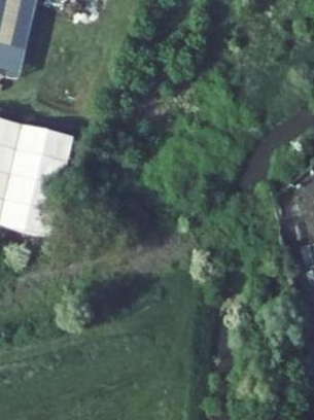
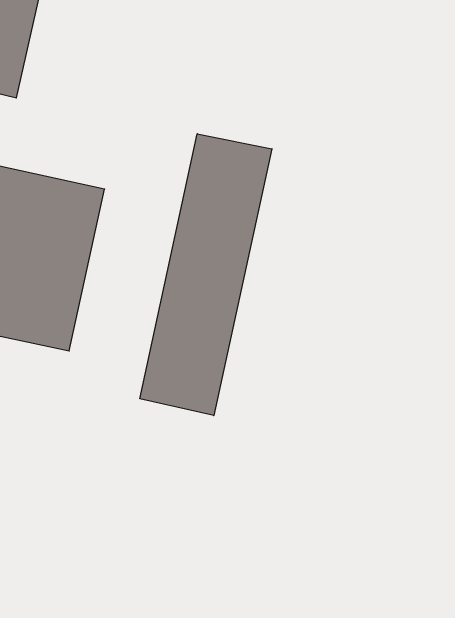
building: none -> [140,134,272,416]

